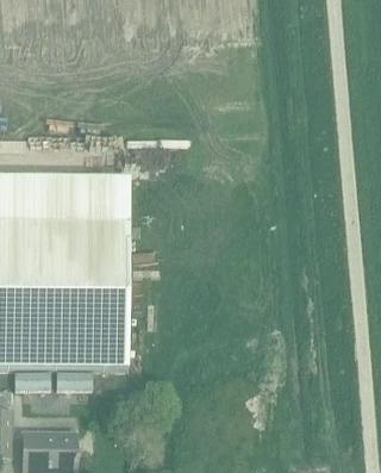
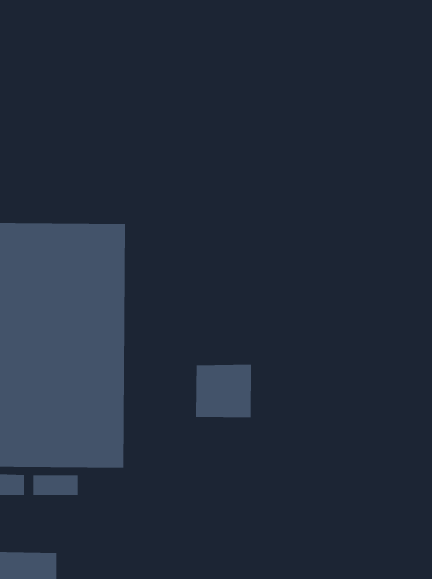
building: none -> [195,364,252,418]

